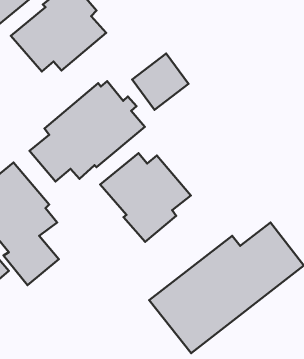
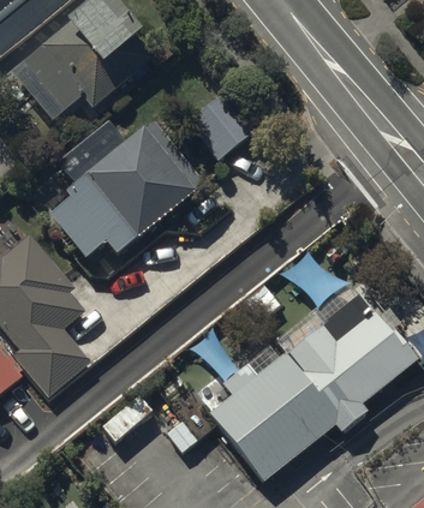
building: [100,153,191,242] -> none

